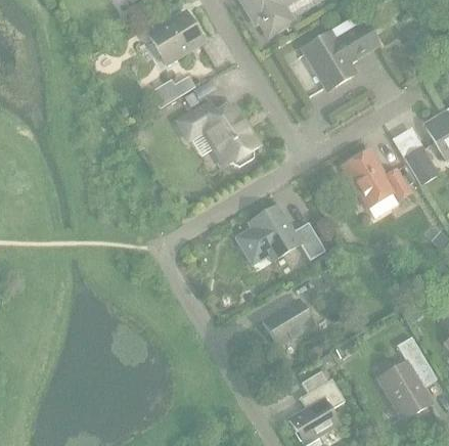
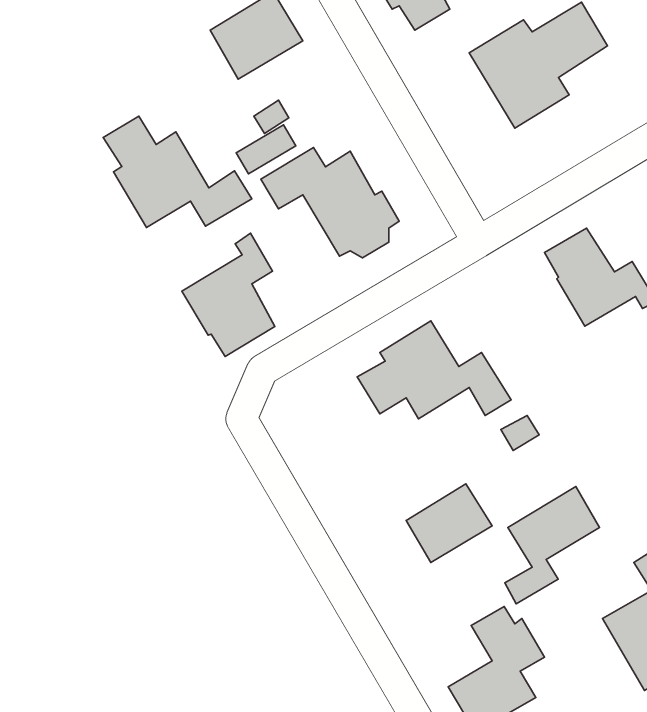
building: none -> [103,116,252,228]
building: none -> [182,233,275,357]
building: none -> [505,486,600,604]

